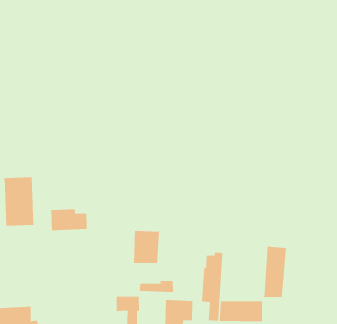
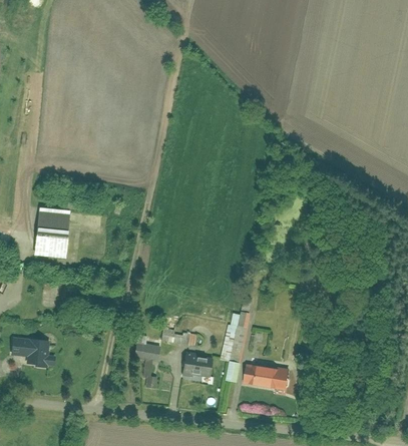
building: [51,209,87,231] -> none
building: [133,230,160,264] -> none
building: [264,246,286,298] -> none

